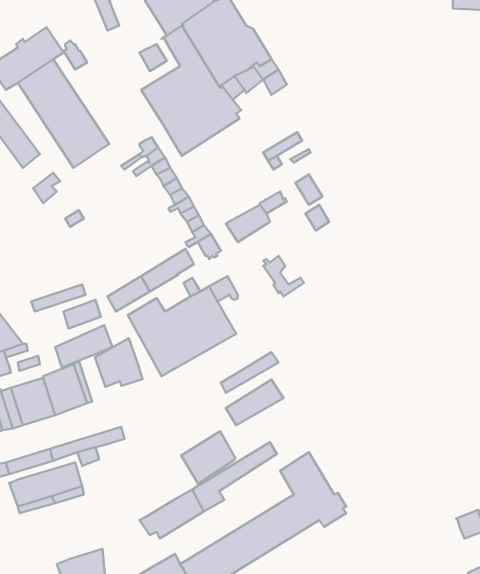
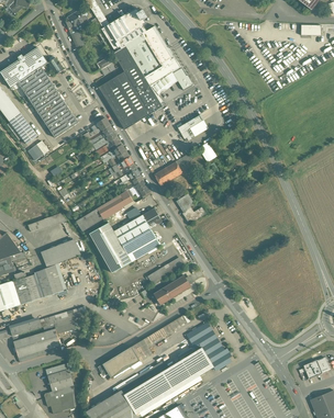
building: [95,338,142,387] -> none
building: [181,431,236,484] -> none
building: none -> [47,361,74,391]

